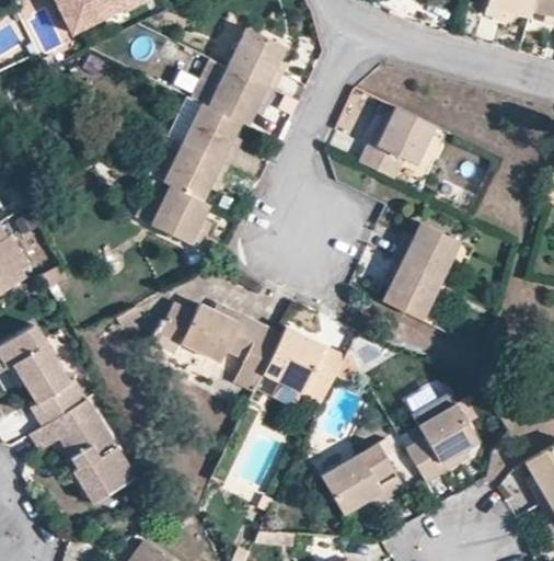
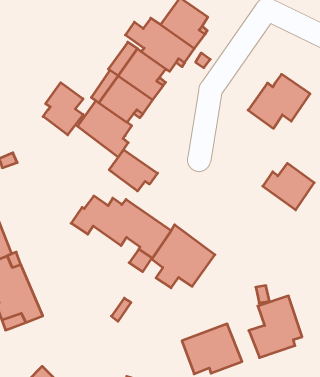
building: none -> [43,83,83,135]
building: none -> [109,150,158,191]
building: [383,255,442,319] -> none

